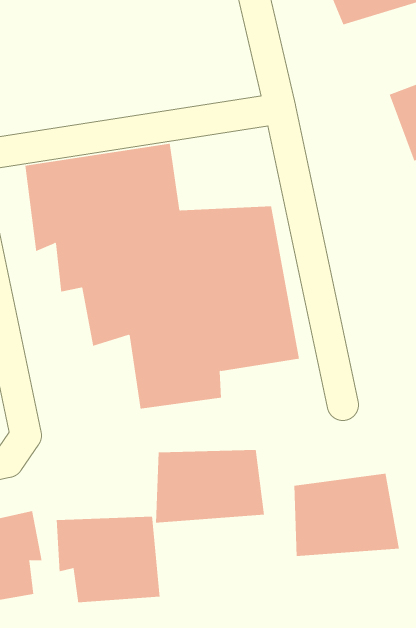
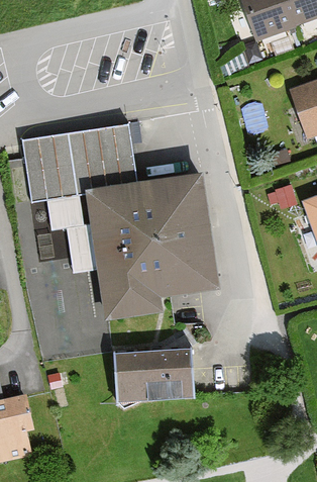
building: [294,473,399,557] -> none
building: [56,516,160,603] -> none

